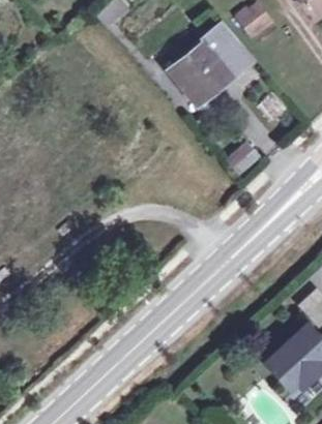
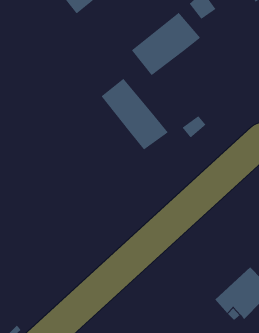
building: none -> [100,78,169,151]

